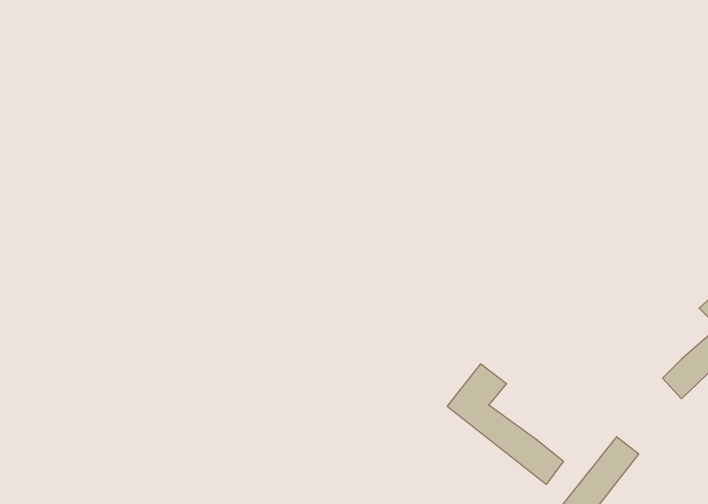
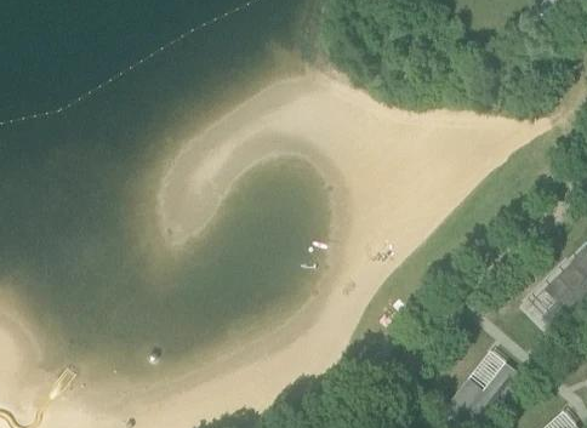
building: [447,364,563,484] -> none

